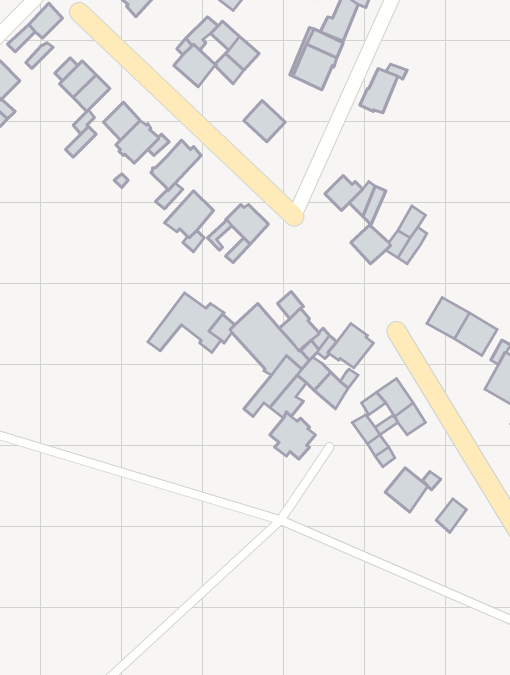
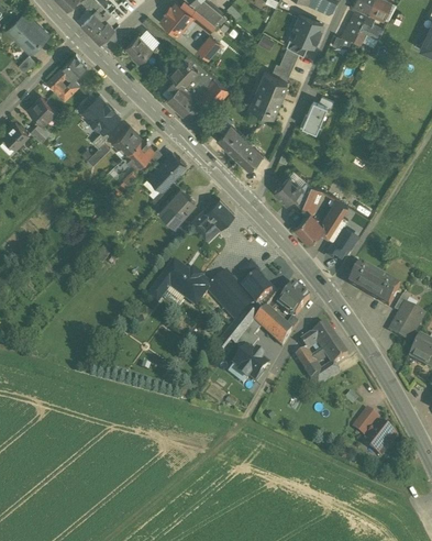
building: none -> [233,139,264,168]
building: none -> [328,227,357,262]
building: [385,468,428,512] -> [364,423,395,455]

